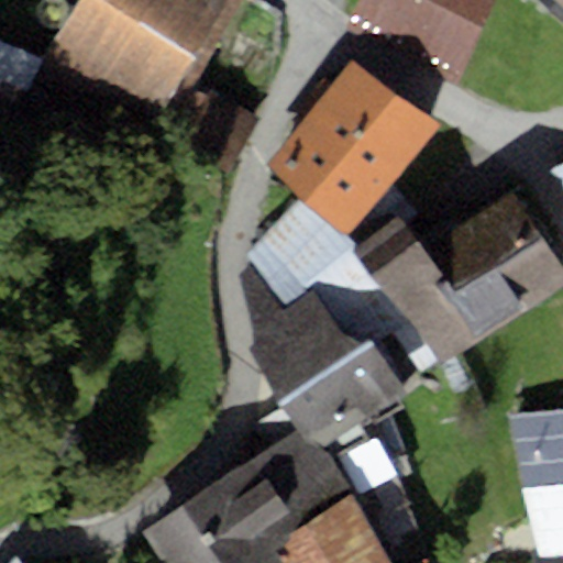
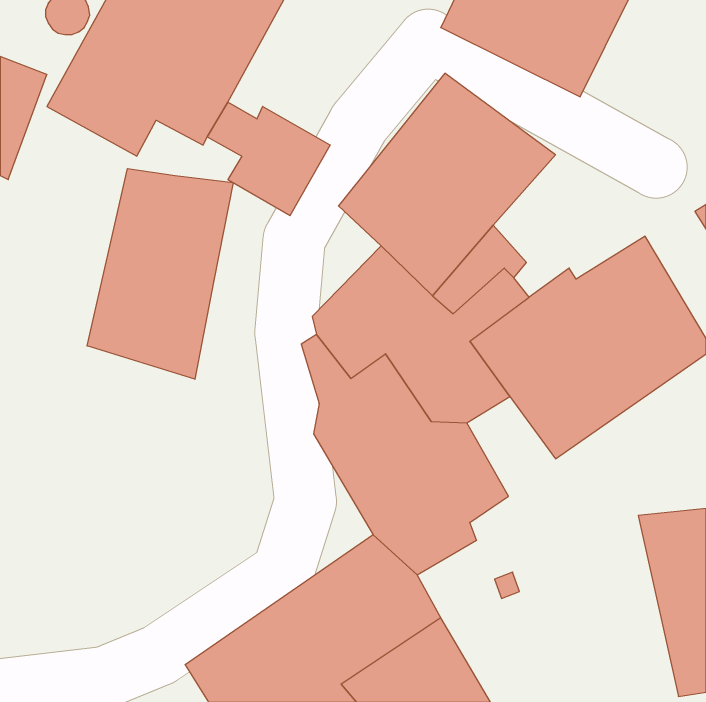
building: none -> [87,169,233,379]

